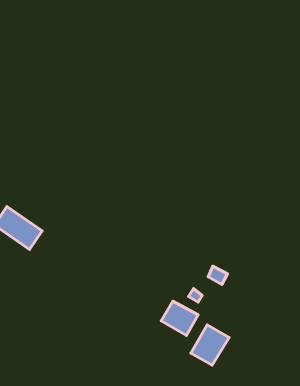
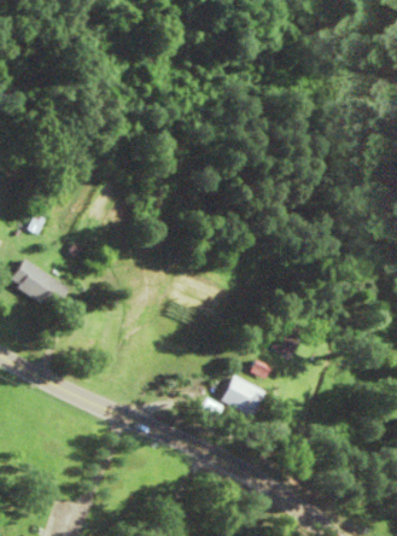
building: [191,325,229,365] -> none

